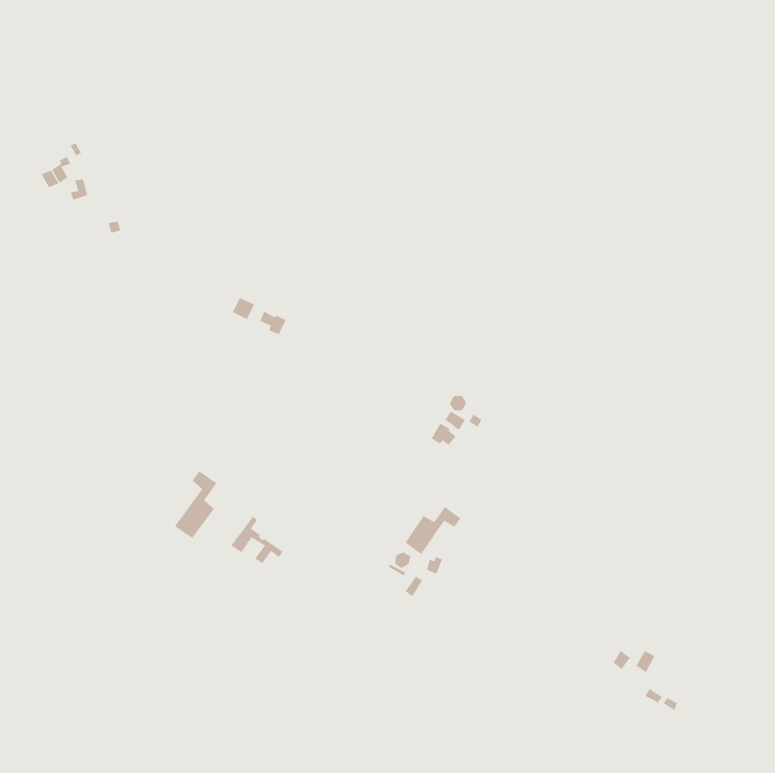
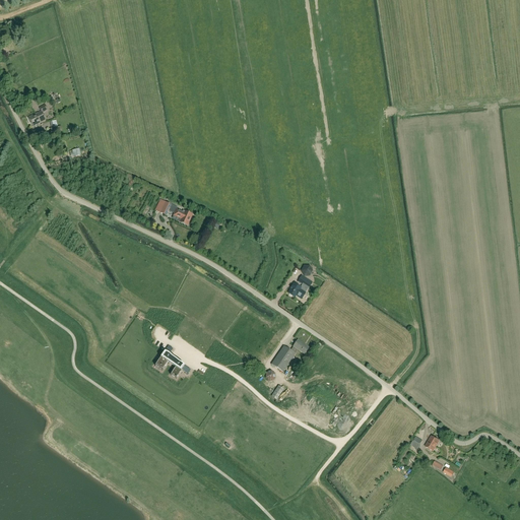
building: [174,470,217,539] -> none

